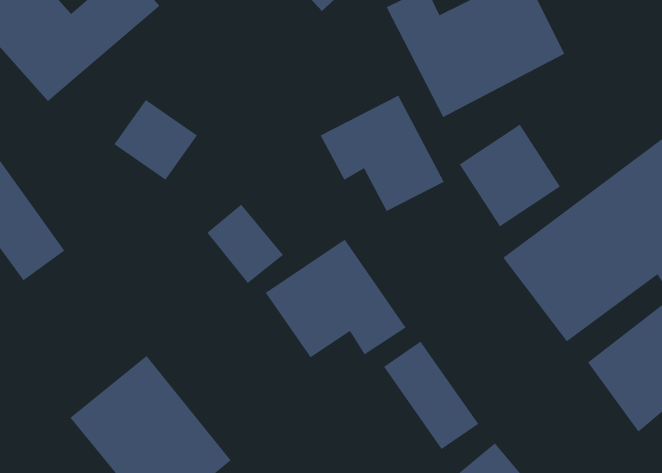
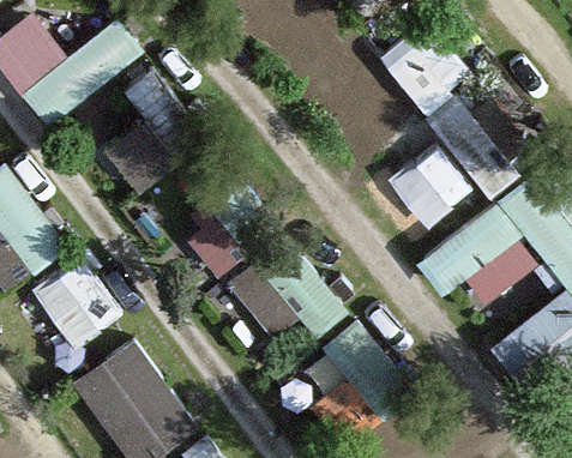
building: [320,95,444,212] -> none
building: none -> [32,255,121,349]

